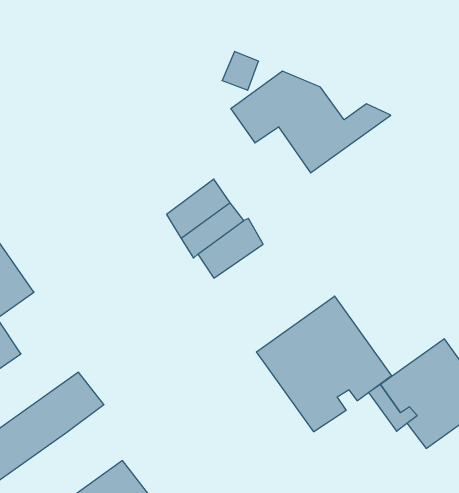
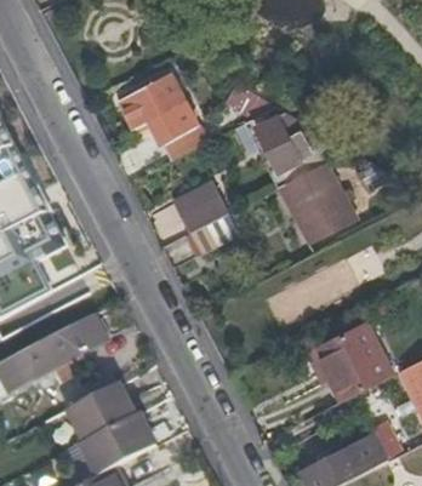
building: none -> [116,79,201,164]
building: none -> [283,160,359,241]
building: [256,296,392,432] -> none

